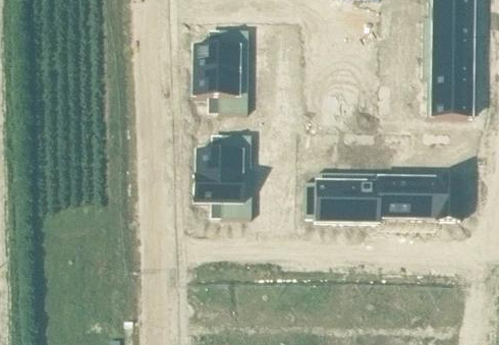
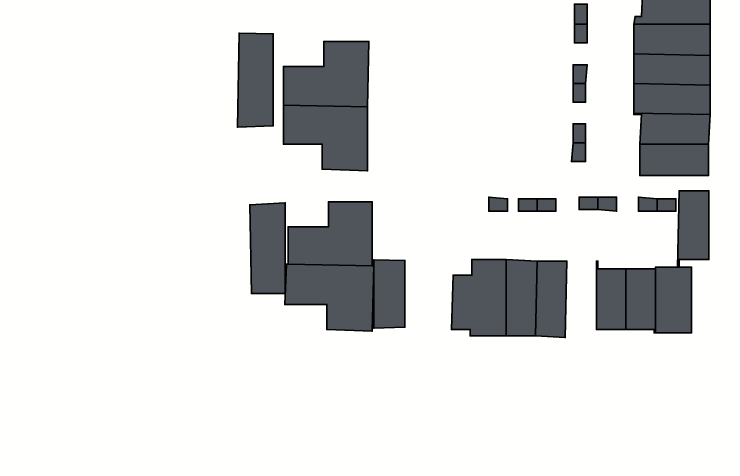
building: none -> [237,33,273,127]
building: none -> [250,203,285,293]
building: none -> [374,260,405,328]
building: [378,173,398,223] -> [678,191,709,267]

